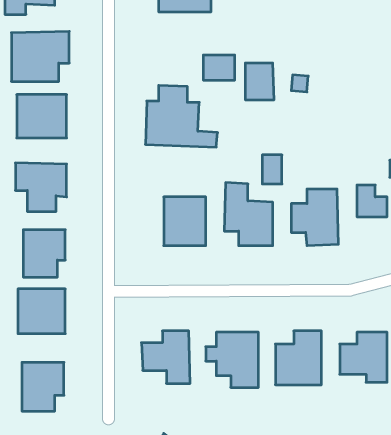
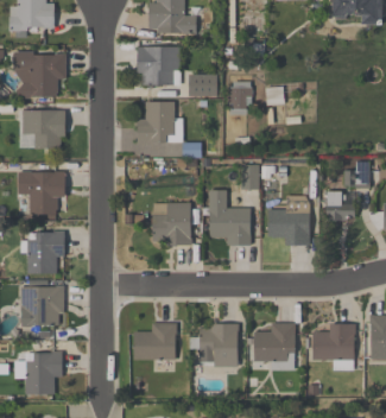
building: none -> [135,46,179,86]

